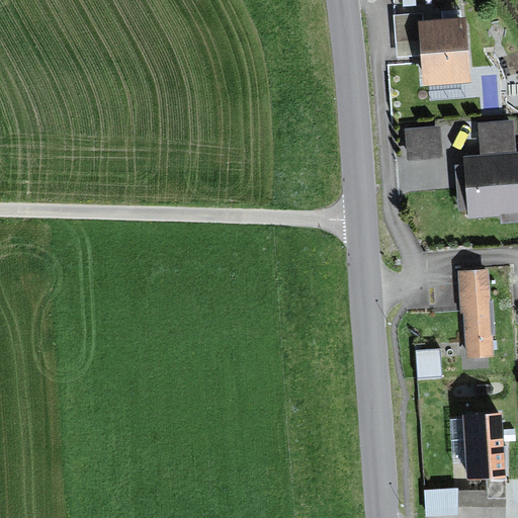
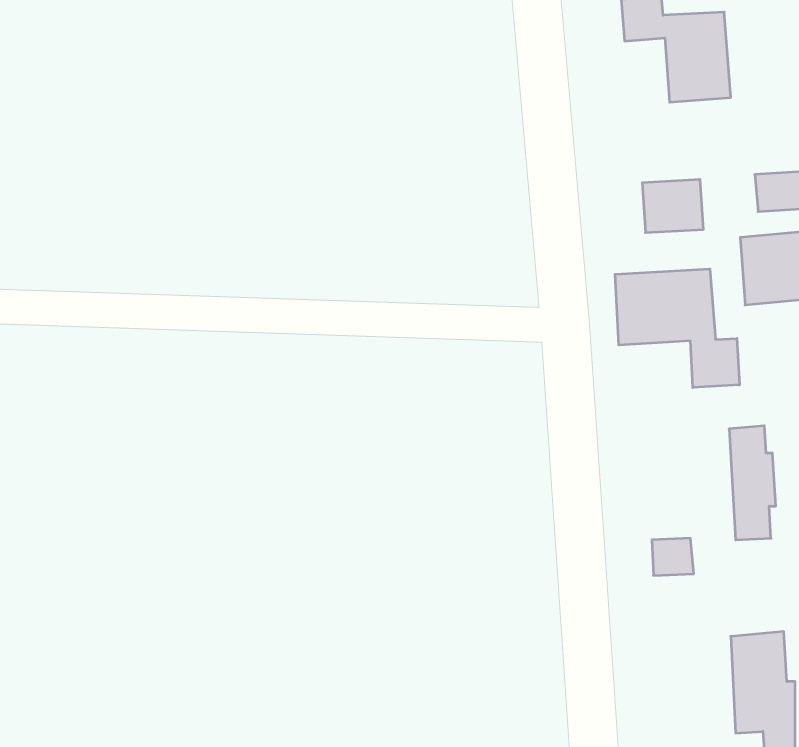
building: none -> [615,269,739,388]

